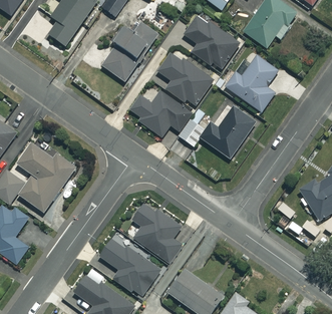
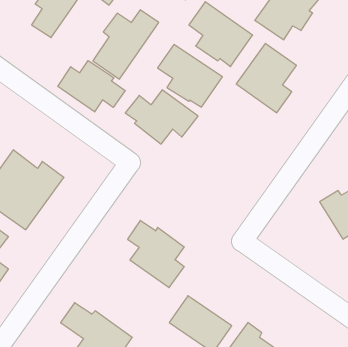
building: none -> [58,61,125,112]
building: [180,103,256,158] -> none
building: [99,240,160,297] -> none

